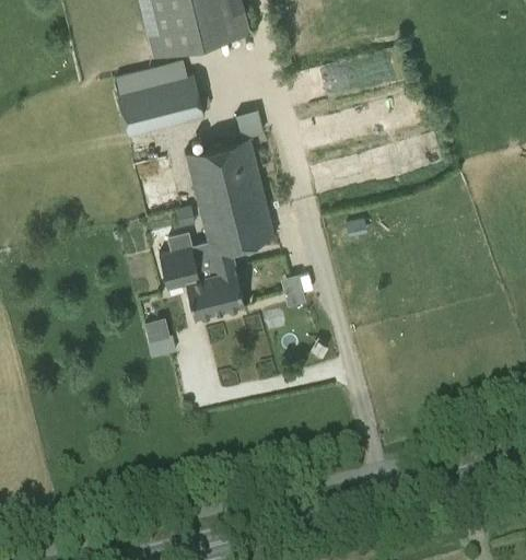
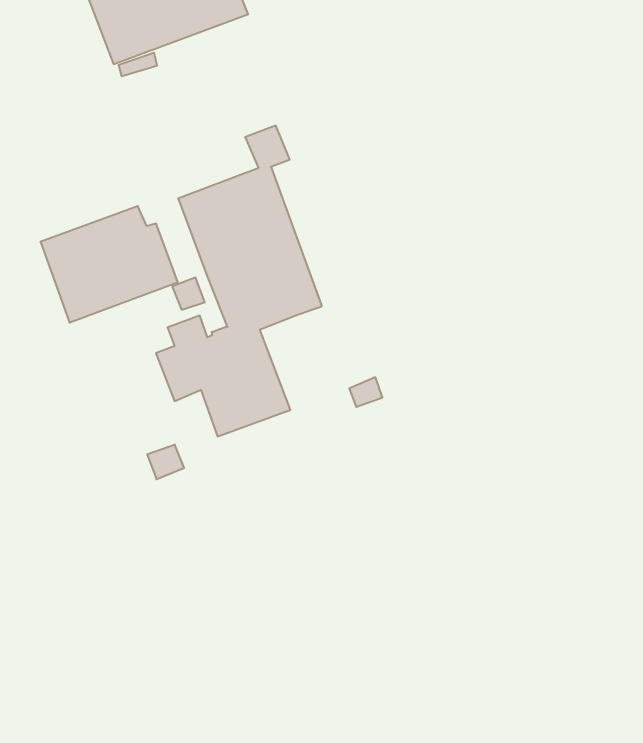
building: [114,63,203,137] -> [40,206,178,323]

